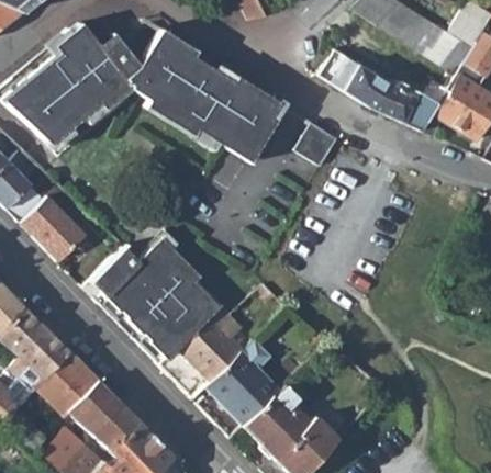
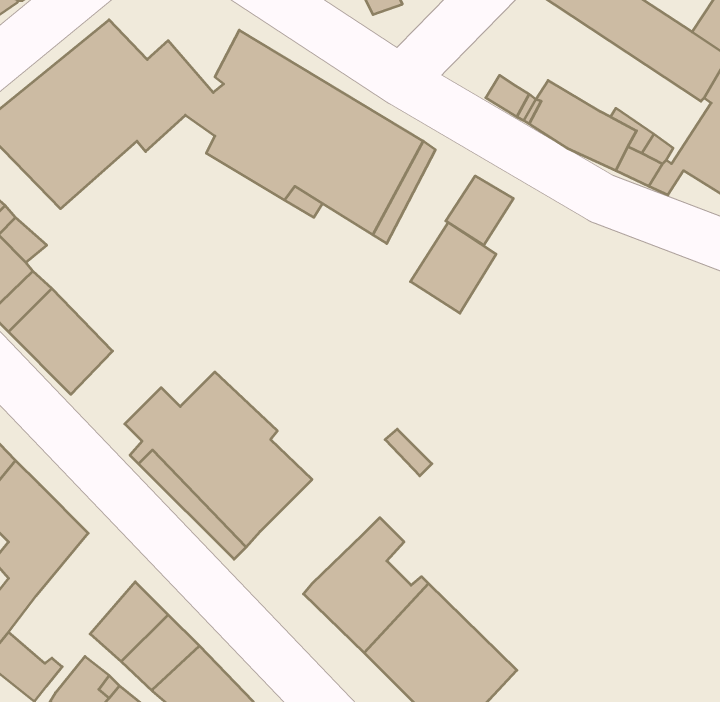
building: none -> [410,222,496,313]
building: [172,304,242,387] -> none
building: [35,349,98,417] -> none

